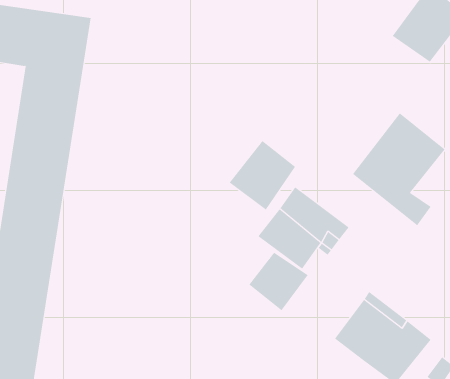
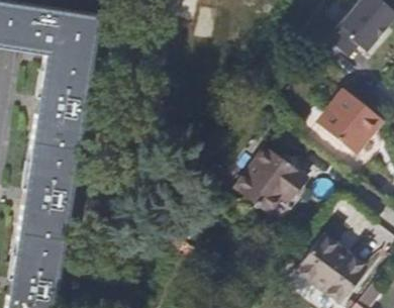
building: [229,140,296,210] -> none
building: [248,252,308,311] -> none

